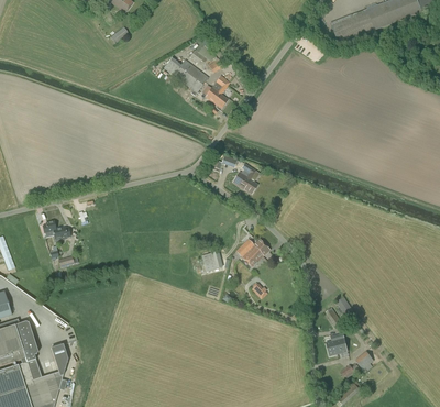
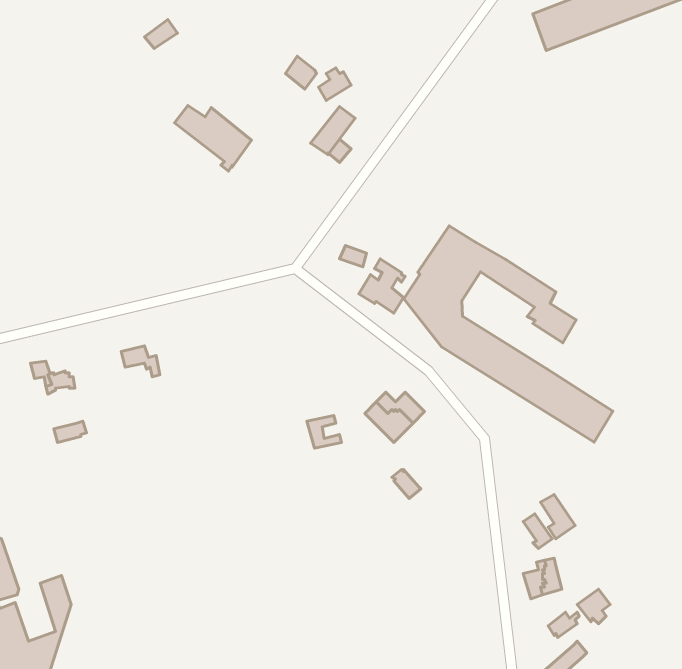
building: [164,57,208,95] -> [174,105,252,171]
building: none -> [404,226,613,442]

